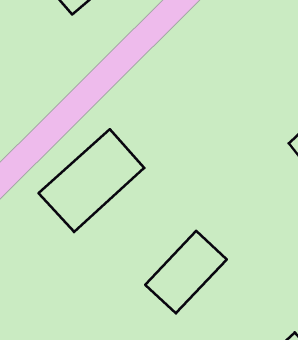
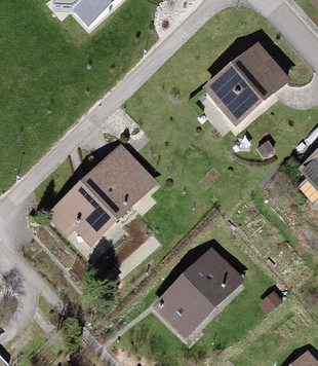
building: none -> [203,42,287,124]

